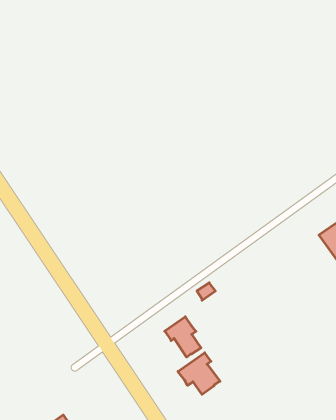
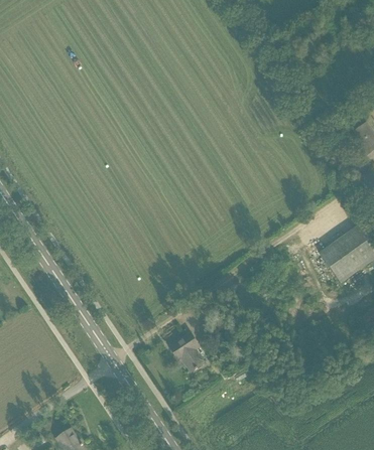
building: [178,353,220,394] -> none

